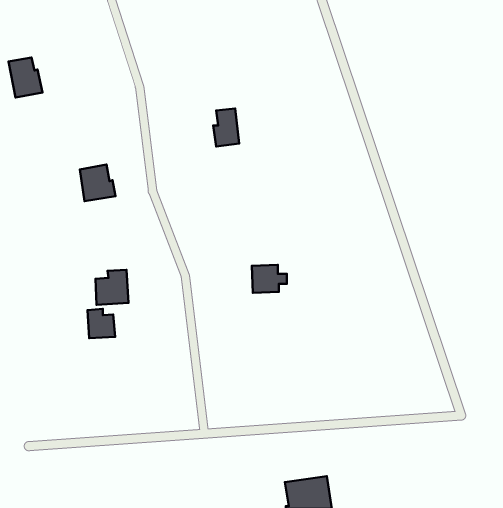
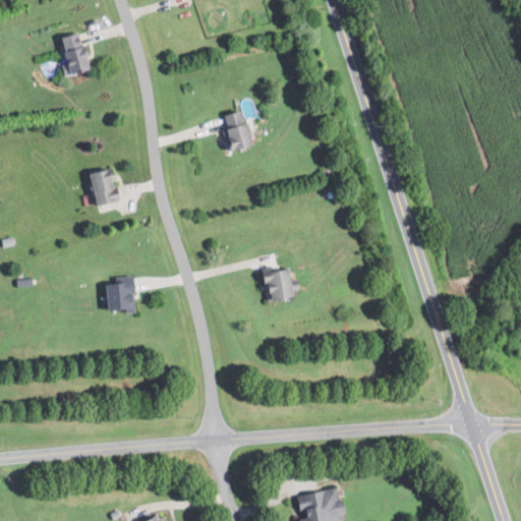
building: [8,58,42,97] -> [59,34,94,74]
building: [87,309,115,338] -> none

